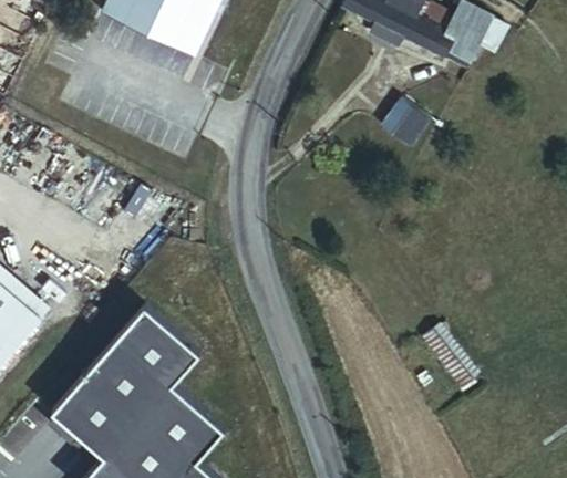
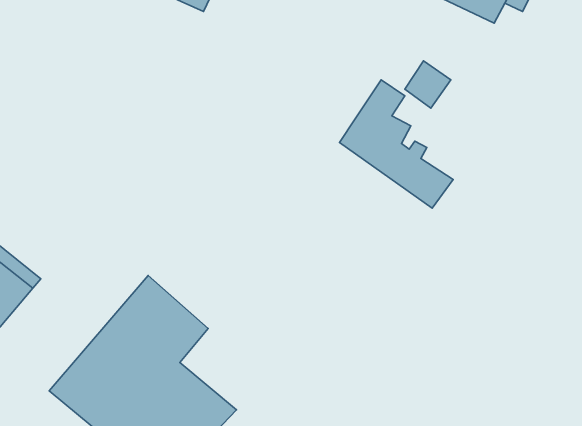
building: none -> [340,80,453,208]

